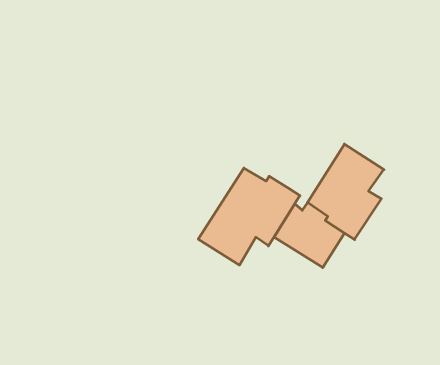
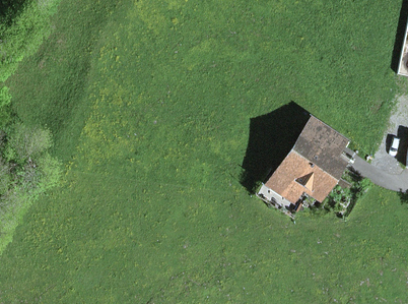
building: [198,168,300,265] -> none

